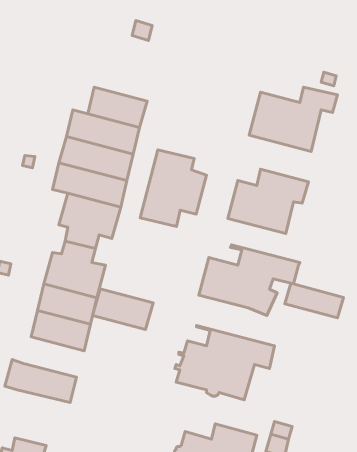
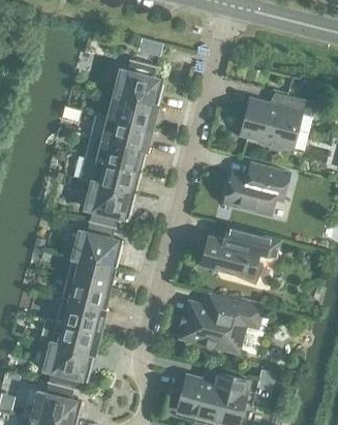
building: none -> [113,59,162,107]
building: [140,150,207,227] -> none
building: [285,283,344,318] -> none
building: [93,289,153,329] -> [55,300,104,333]
building: none -> [43,343,93,389]

